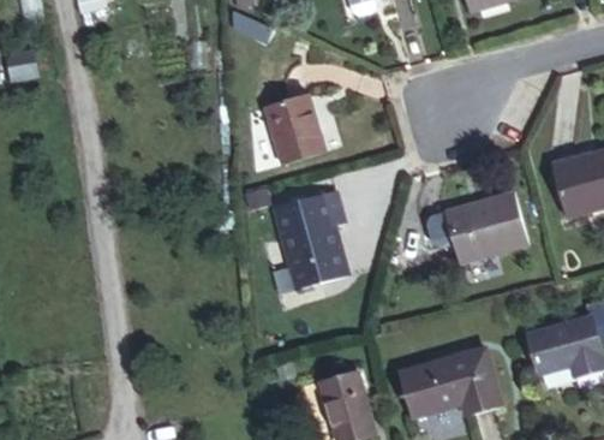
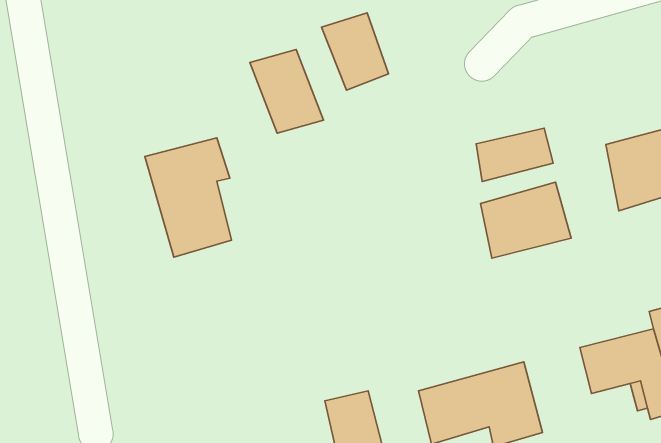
building: none -> [322,13,389,90]
building: none -> [476,128,553,181]
building: [276,189,348,289] -> [145,138,231,257]

